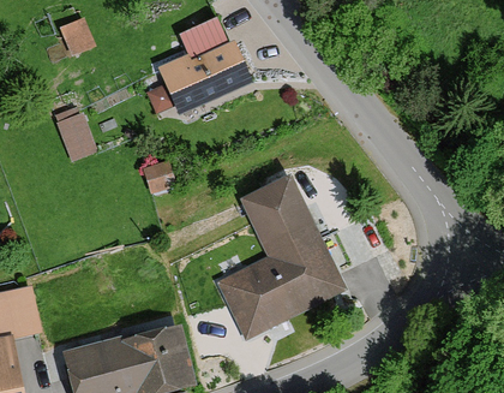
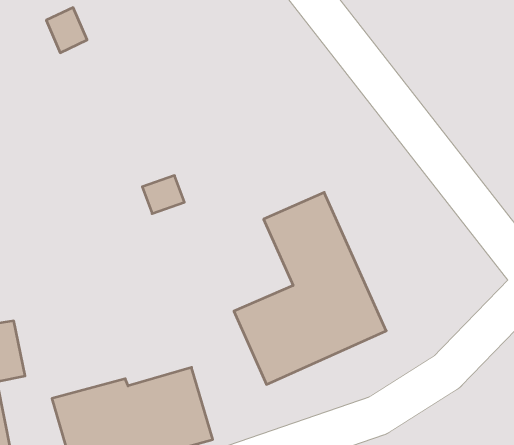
building: [143,18,250,112] -> none
building: [50,108,92,159] -> none

